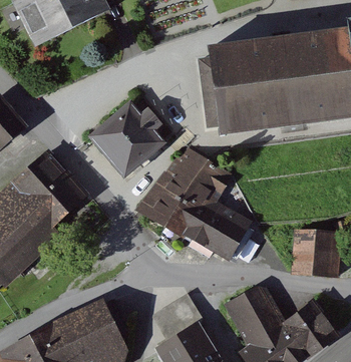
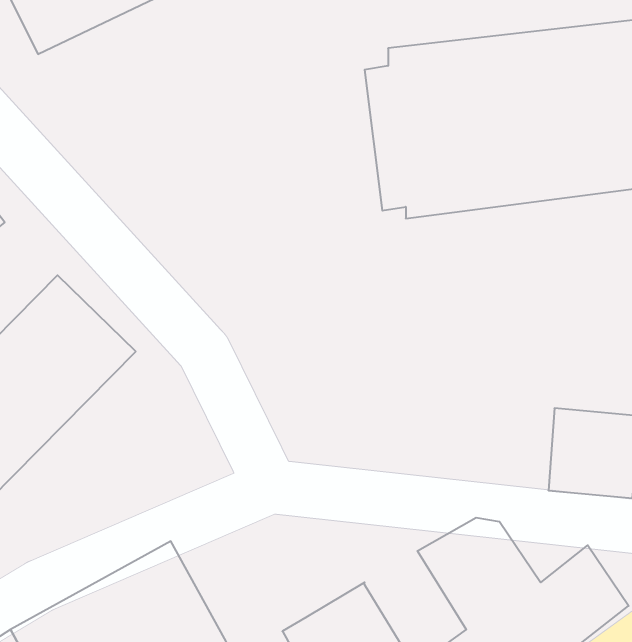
building: [82,102,158,177] -> none
building: [140,145,254,259] -> none
building: [154,293,204,337] -> none

